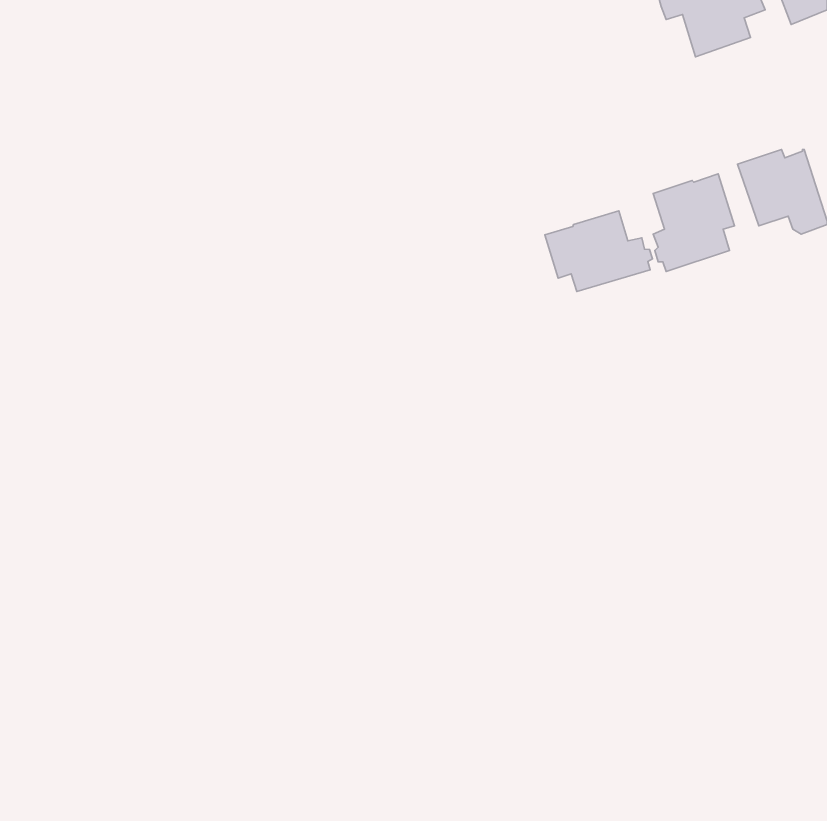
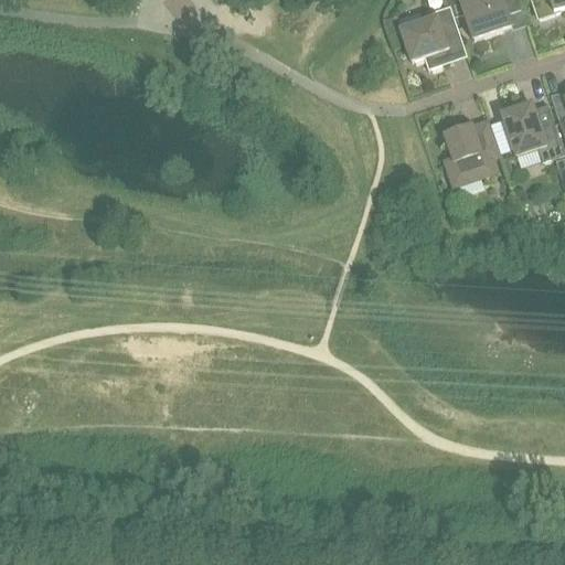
building: none -> [399,4,458,67]
building: [545,211,653,292] -> none

